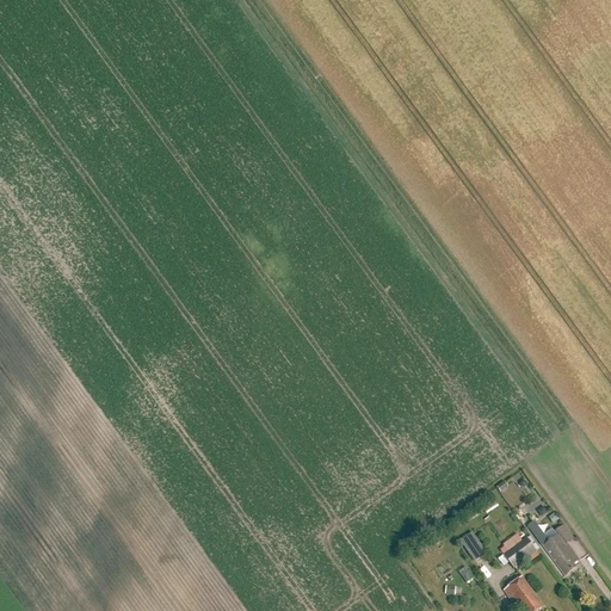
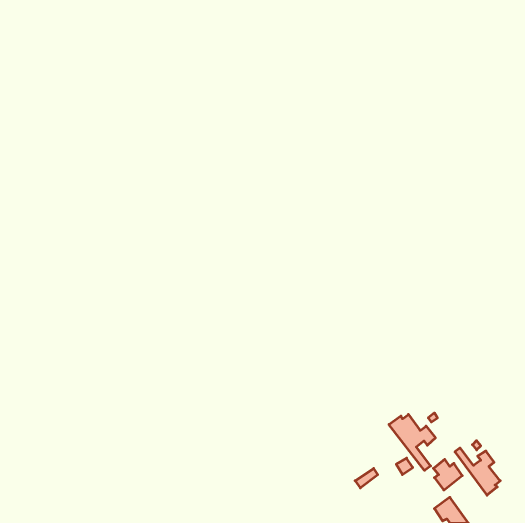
building: none -> [389,414,435,470]

